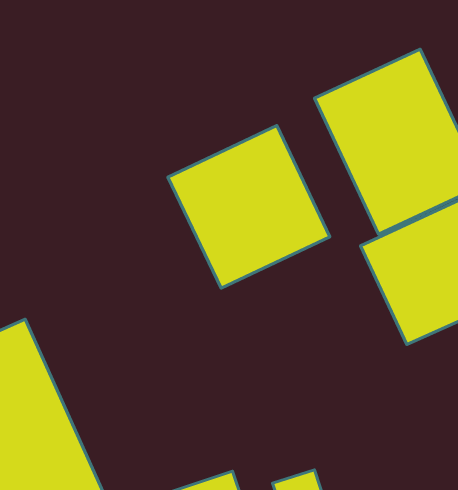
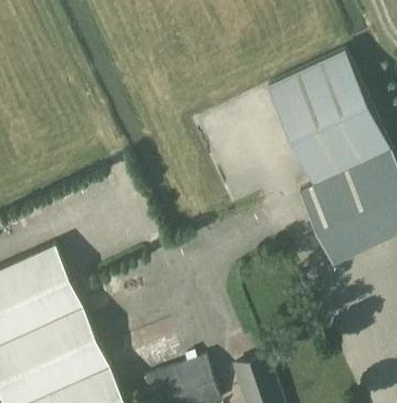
building: [168,126,330,288] -> none

